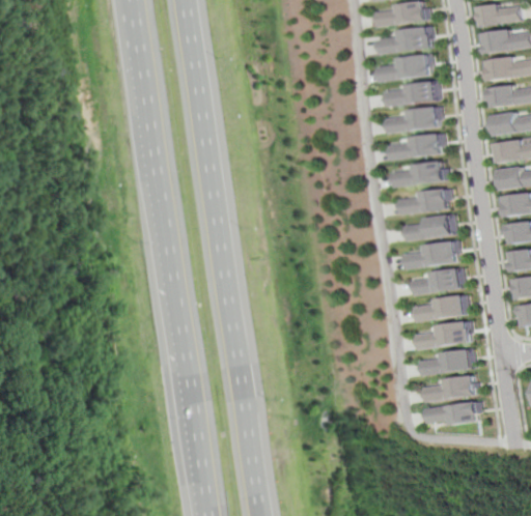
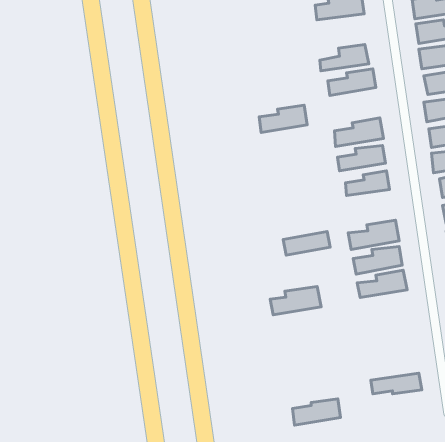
building: [375,25,428,55] -> none
building: [388,106,439,135] -> [259,105,307,133]
building: [409,217,458,241] -> [283,232,330,255]
building: [419,319,473,349] -> [270,286,321,315]
building: [425,347,478,375] -> none
building: [429,374,480,402] -> [293,399,341,425]

